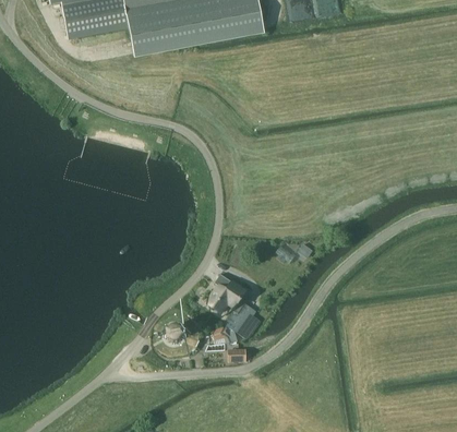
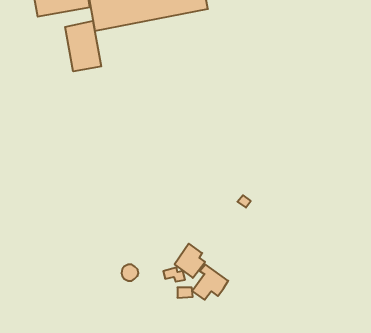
building: none -> [65,21,101,71]
building: [206,273,248,313] -> [192,265,228,300]

